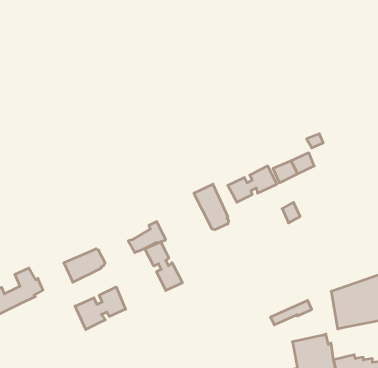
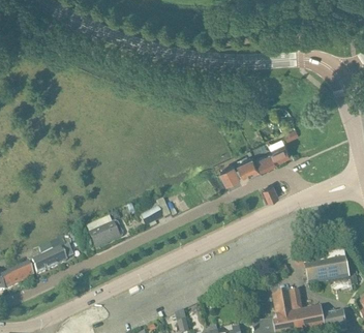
building: [194,184,228,230] -> none
building: [145,242,182,291] -> none
building: [75,287,126,330] -> none

